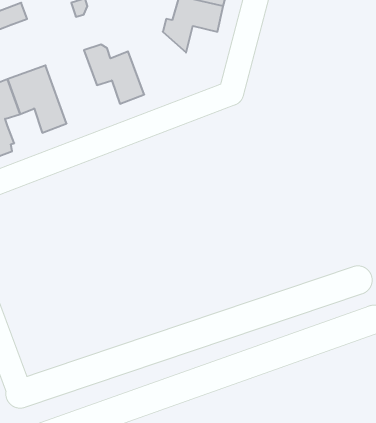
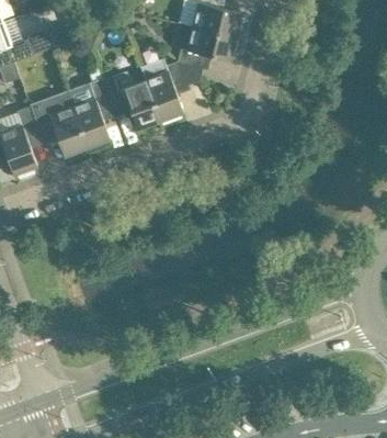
building: none -> [141,57,201,119]
building: none -> [68,77,116,146]

